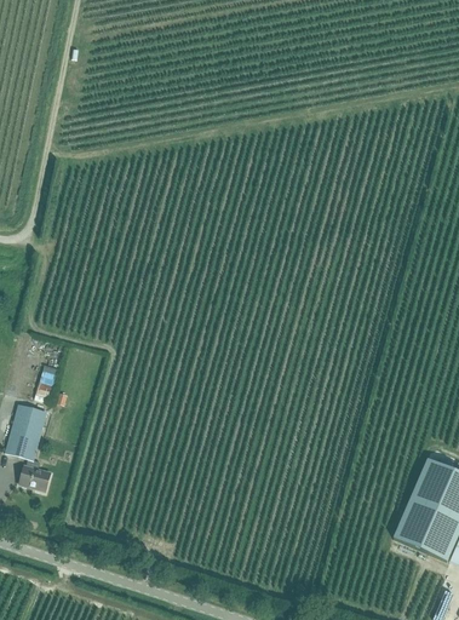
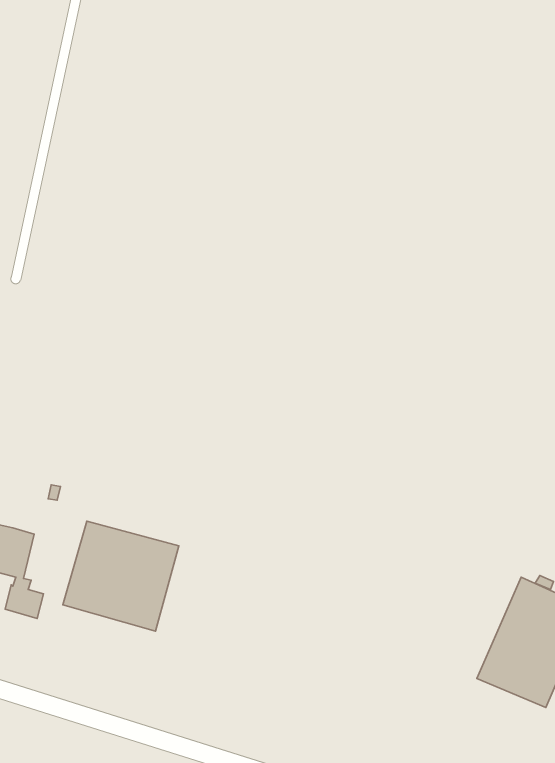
building: none -> [63,521,179,631]

